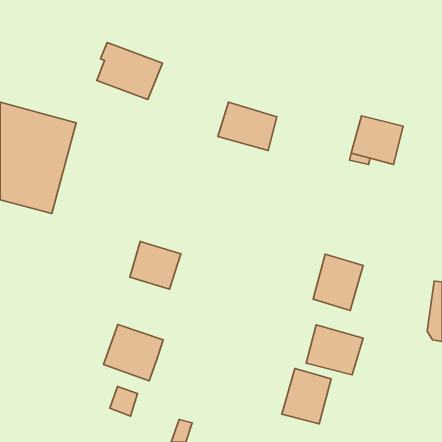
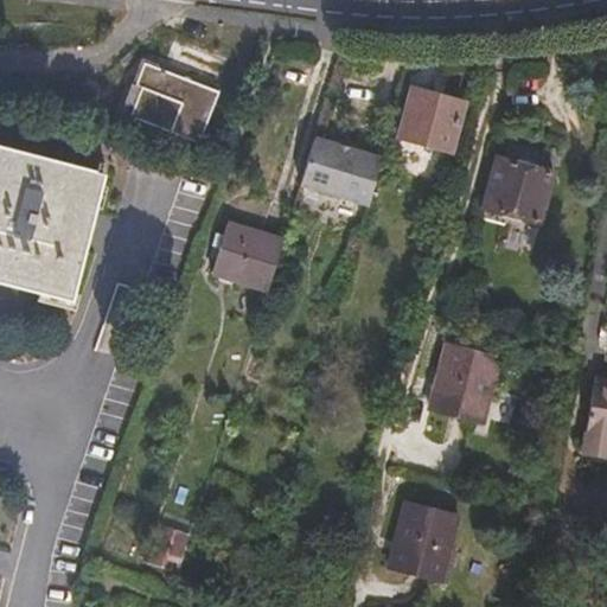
building: none -> [400,89,464,148]
building: [130,242,181,289] -> [212,224,282,289]
building: [104,325,163,381] -> none
building: [306,325,363,375] -> none

